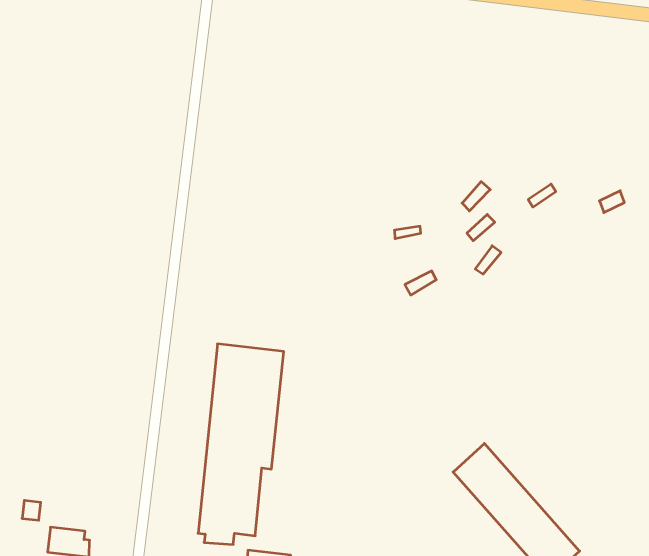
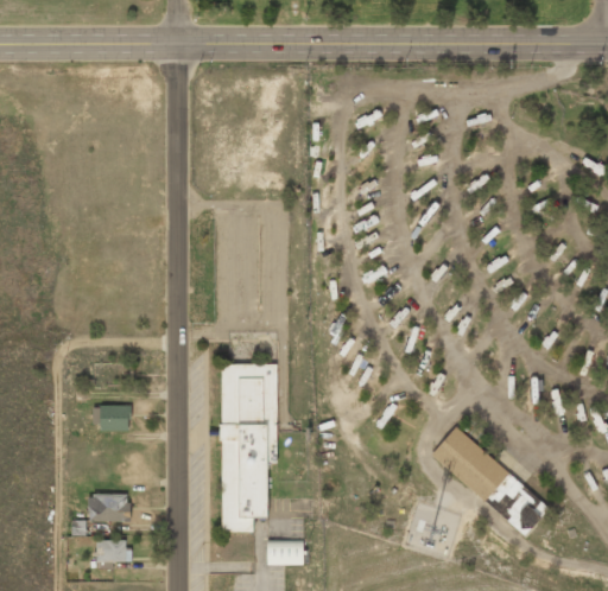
building: none -> [100,405,132,431]
building: none -> [88,494,131,521]

